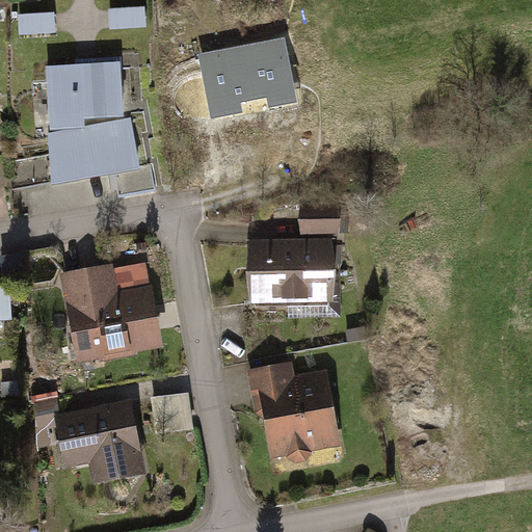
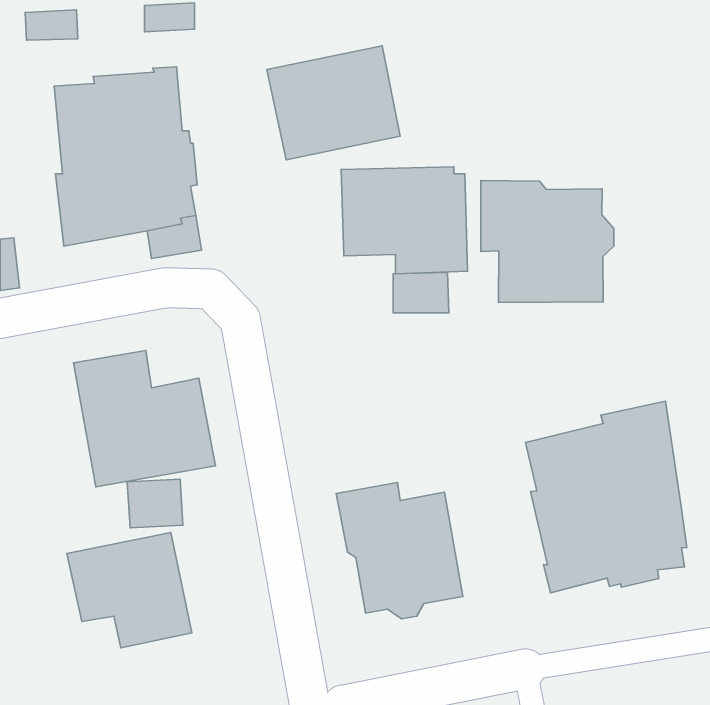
building: none -> [481,181,614,303]
building: [241,237,336,317] -> [341,167,468,274]
building: none -> [525,401,687,593]
building: [142,397,184,433] -> [127,479,183,528]

